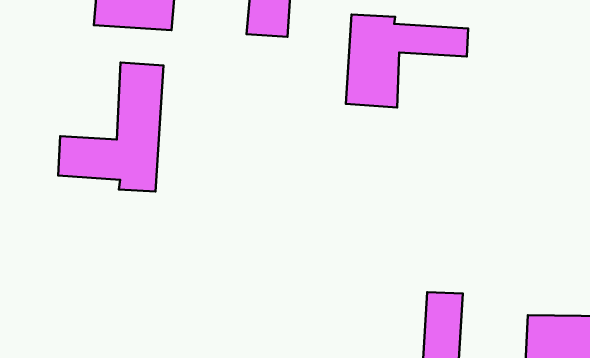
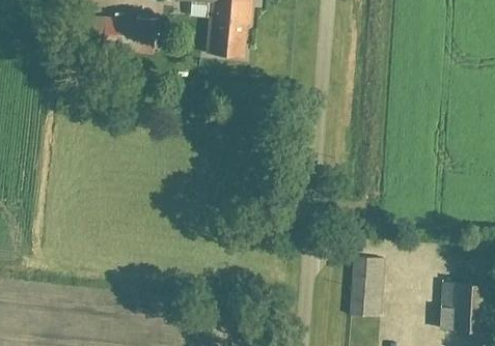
building: [346,14,468,107] -> none
building: [58,63,164,191] -> none

